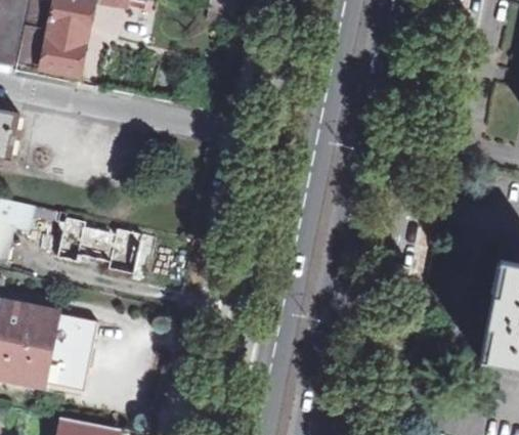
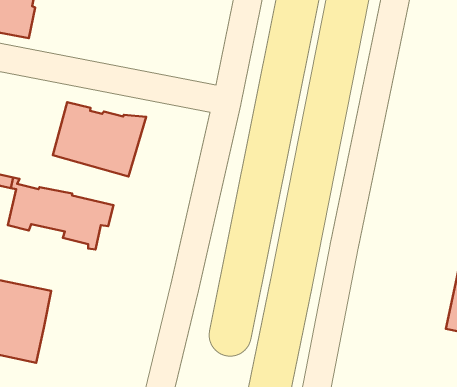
building: none -> [53,102,146,177]

